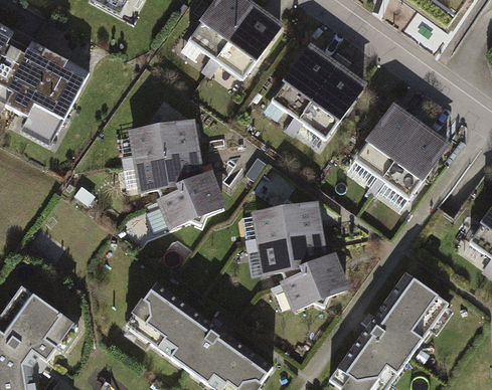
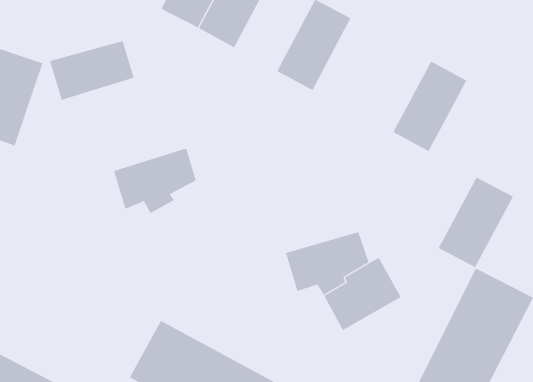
building: [299,66,363,138] -> none
building: [131,120,195,160] -> [49,40,135,101]
building: [382,127,447,197] -> [438,177,514,268]
building: [160,173,221,225] -> none
building: [256,201,320,241] -> none

